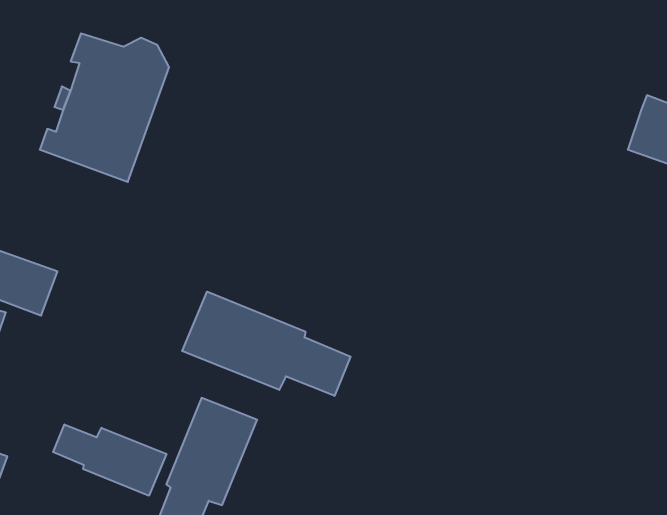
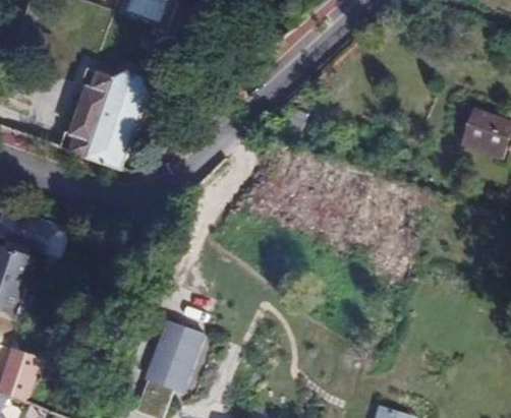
building: [182,292,351,396] -> none
building: [53,424,166,496] -> none

